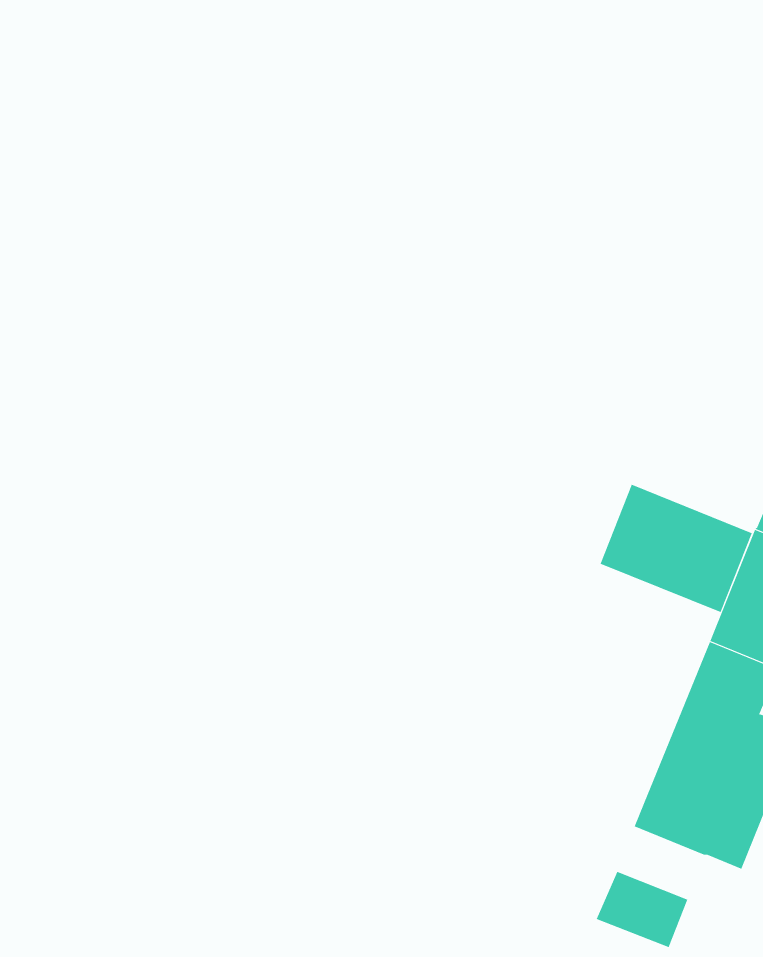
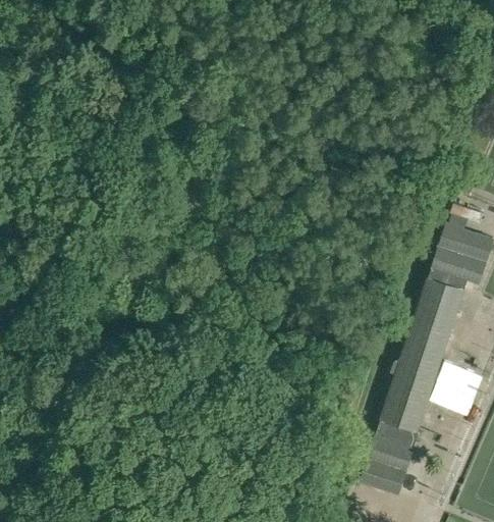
building: [600,484,753,613] -> none
building: none -> [370,429,416,465]

